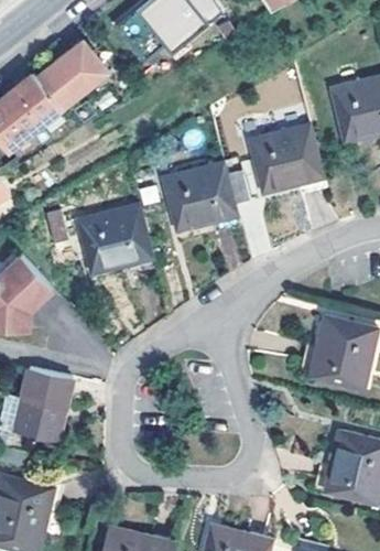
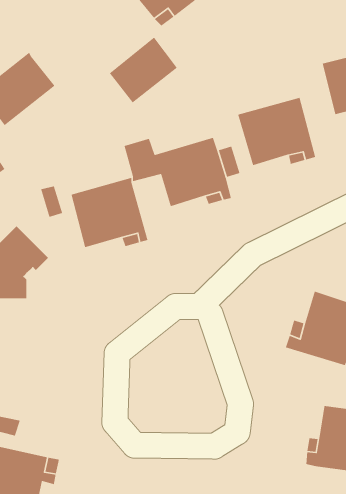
building: [36,41,107,109] -> [109,37,178,104]
building: [12,366,68,440] -> none

